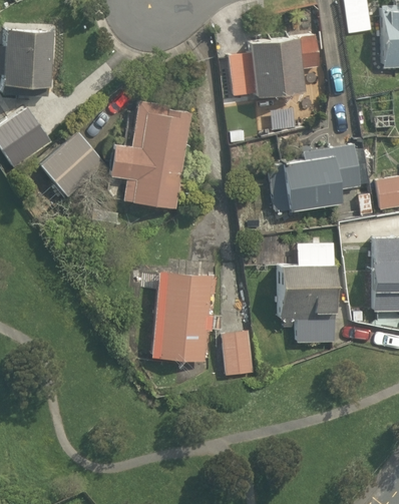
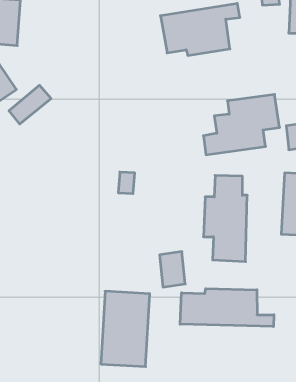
building: [120,101,189,208] -> none
building: [155,272,215,363] -> [101,291,150,367]
building: none -> [180,289,274,327]

